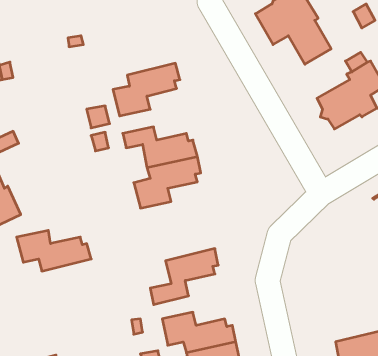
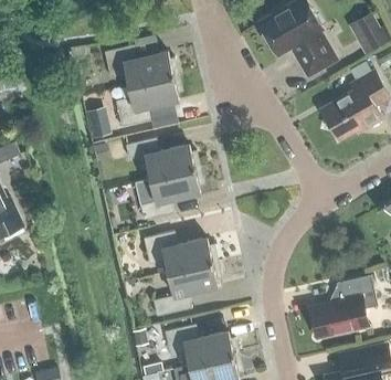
building: none -> [105,45,178,86]
building: [17,230,91,271] -> [142,232,218,273]
building: none -> [309,276,377,338]

